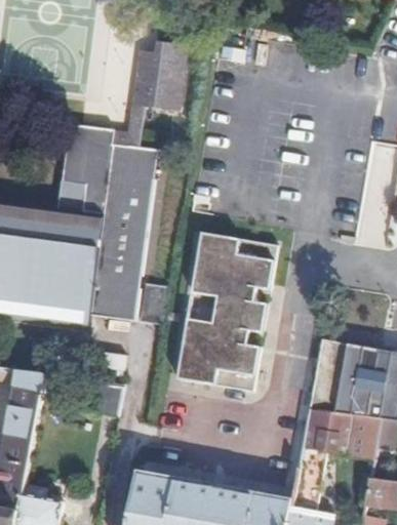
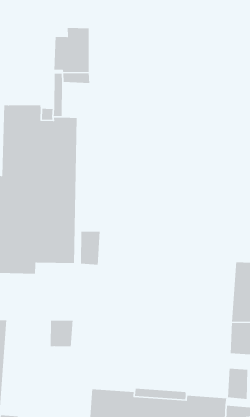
building: [178,231,279,390] -> none

